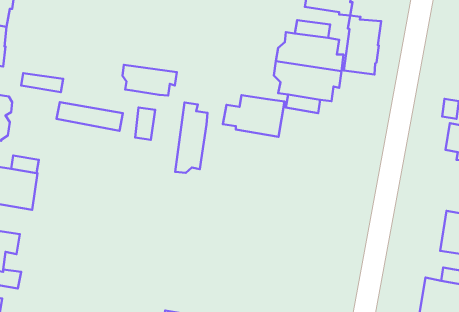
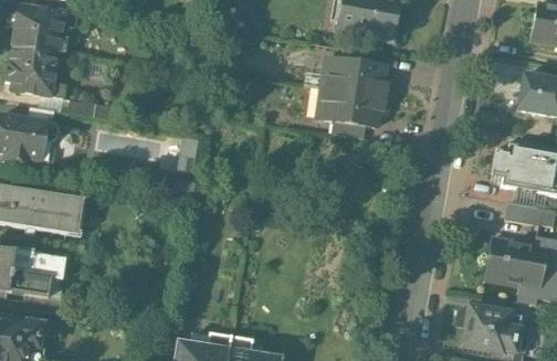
building: [344,16,381,74] -> none
building: [122,65,177,96] -> none
building: [223,95,284,137] -> none
building: [175,102,208,173] -> none

